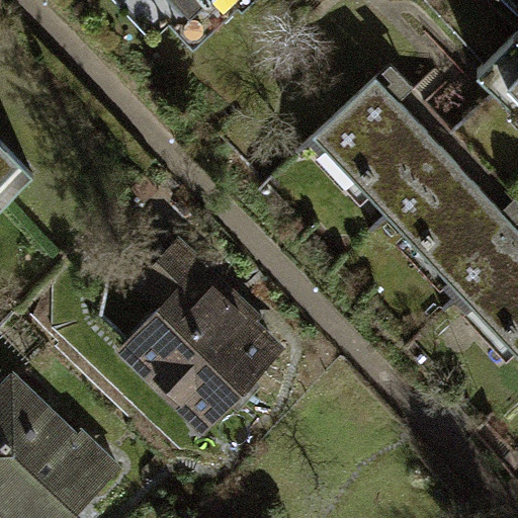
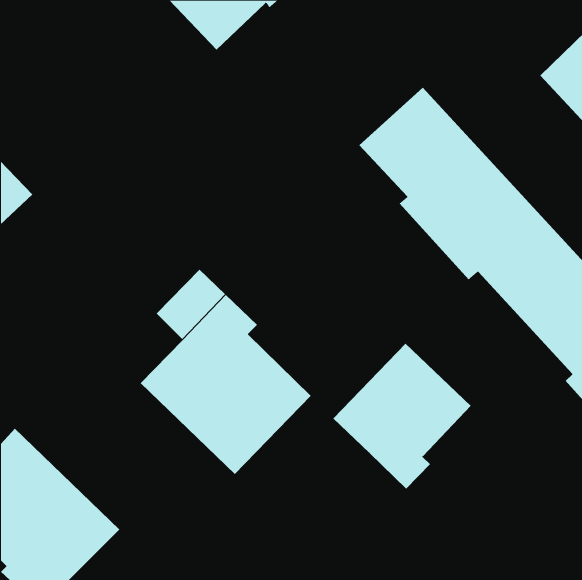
building: none -> [332,343,471,490]

